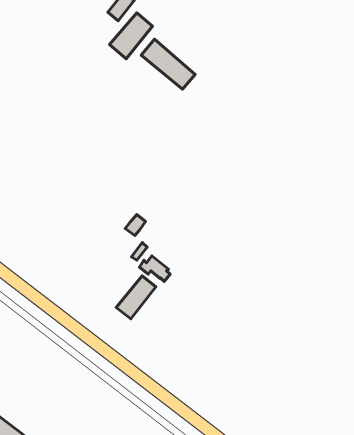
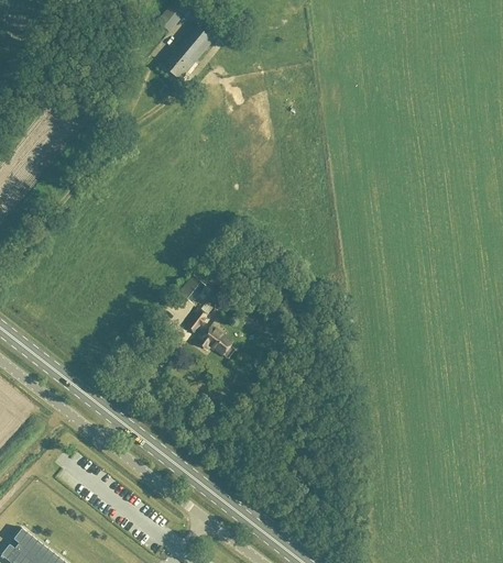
building: [141,39,195,89] -> none
building: [116,276,156,319] -> none

